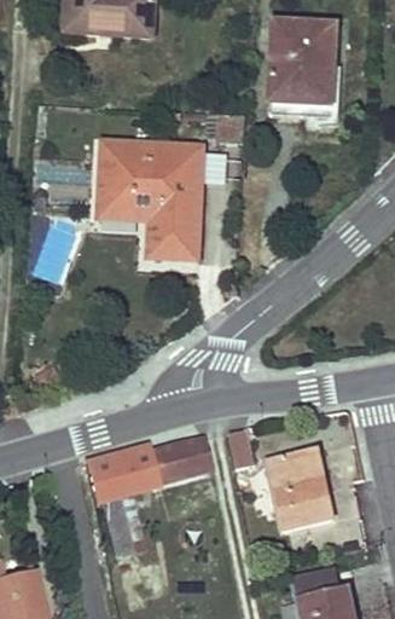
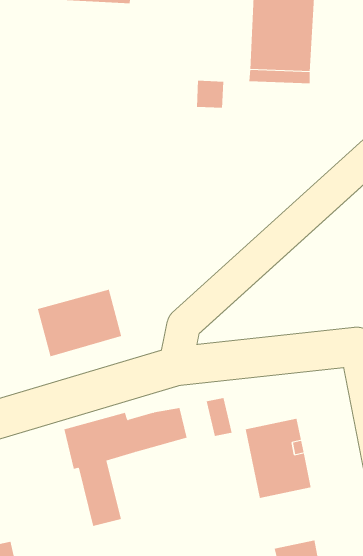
building: [99,140,203,258] -> none
building: none -> [37,289,122,357]

